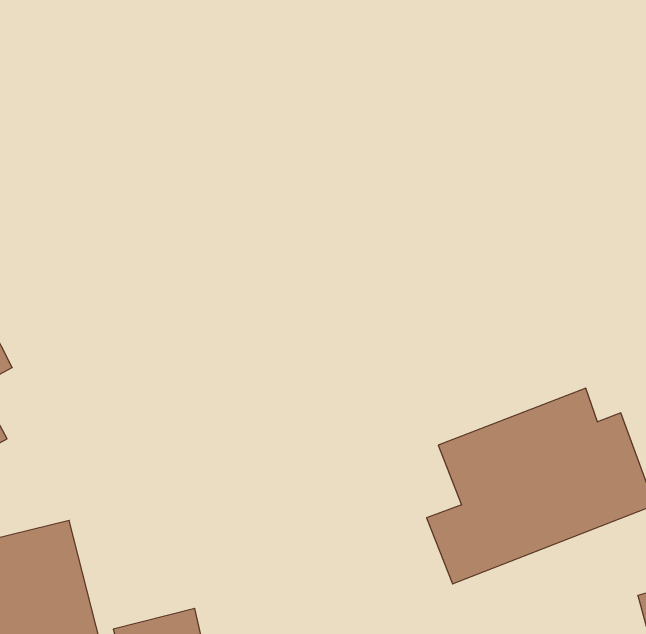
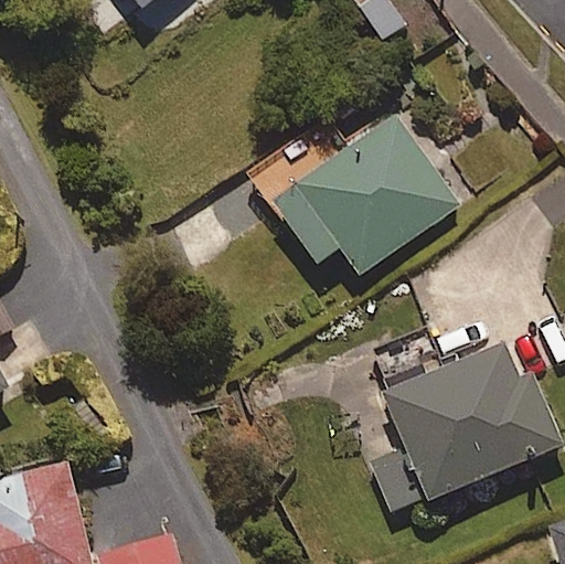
building: none -> [270,113,458,273]

